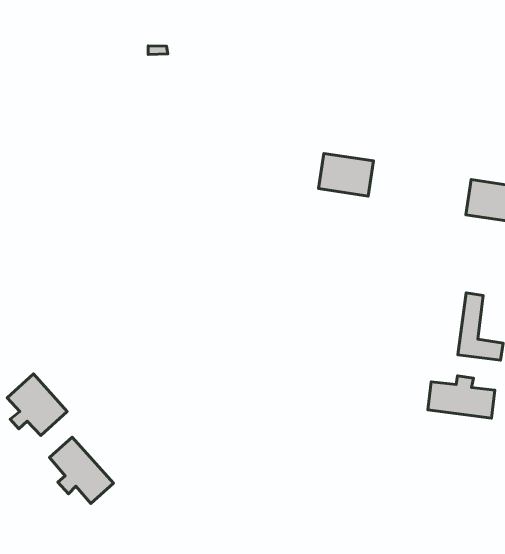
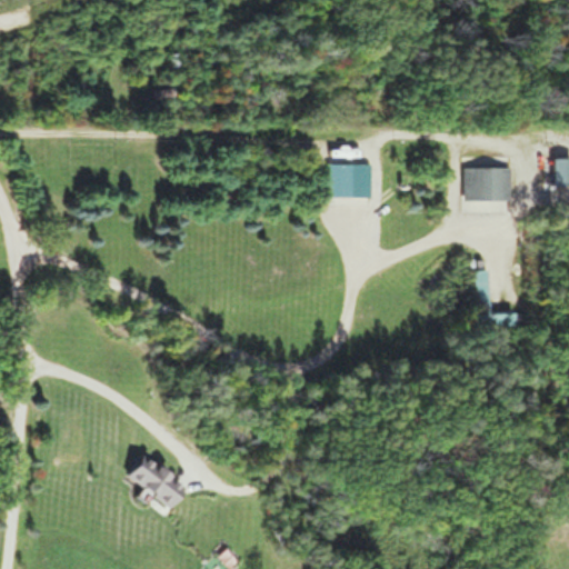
building: [7,374,67,436] -> none
building: [428,376,495,418] -> none

